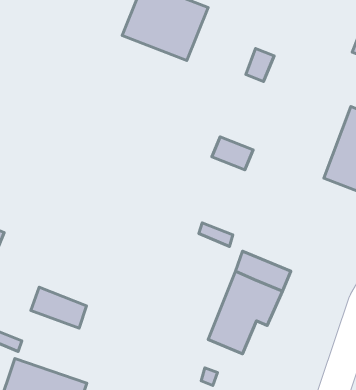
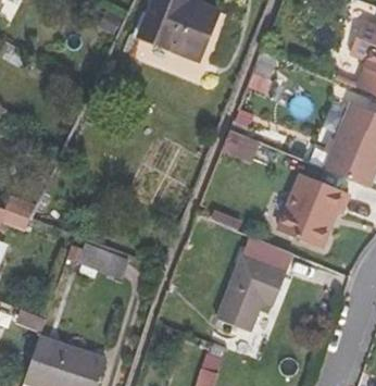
building: none -> [278,174,349,247]
building: [31,287,86,328] -> [77,241,128,279]

